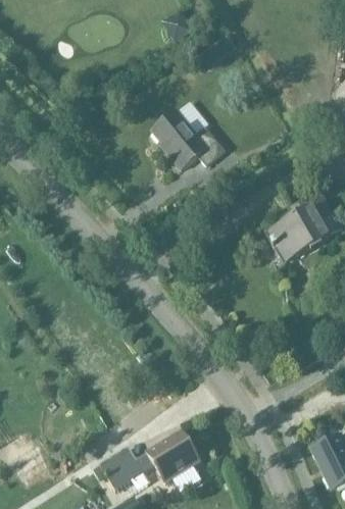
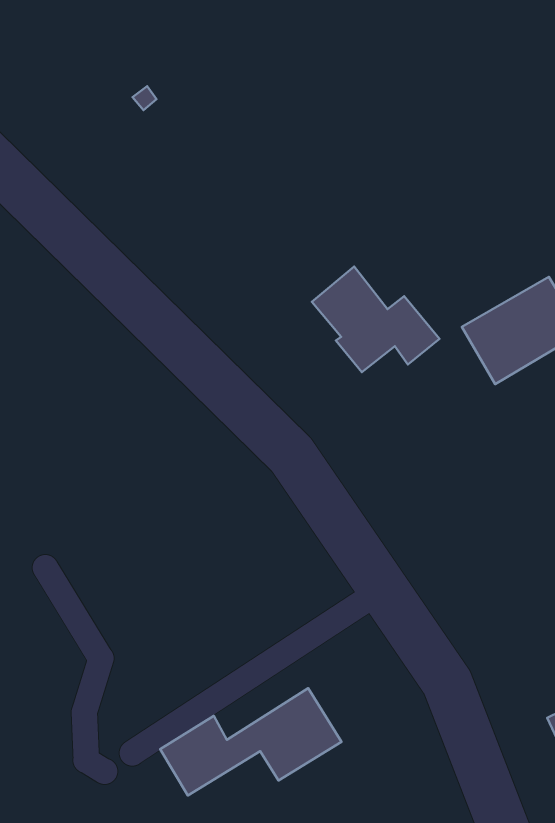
building: [153,110,224,168] -> [312,266,439,372]

